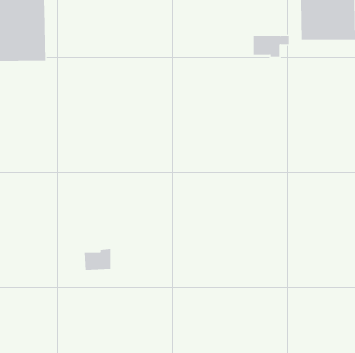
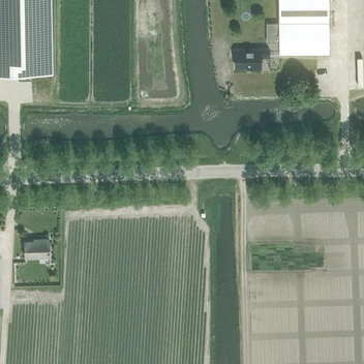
building: [84,249,111,270] -> [26,238,51,257]

